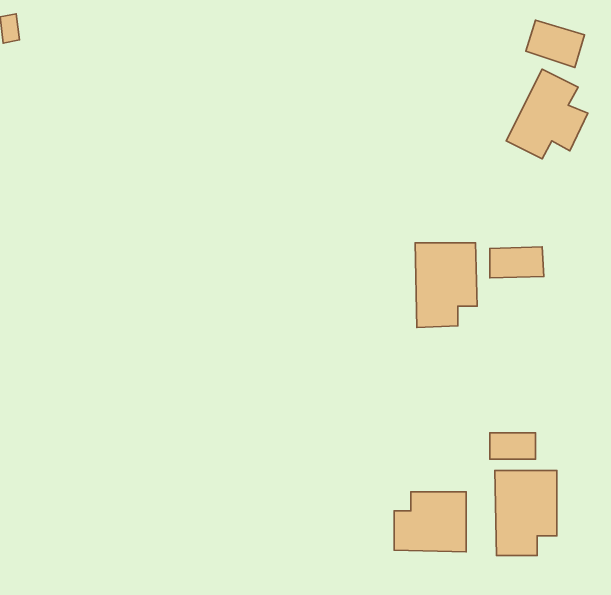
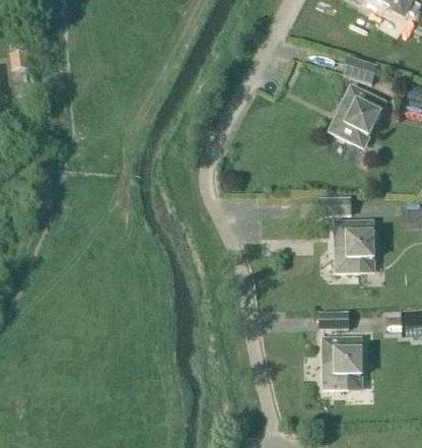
building: [415,243,477,328] -> [335,219,373,272]
building: [394,492,466,552] -> none

